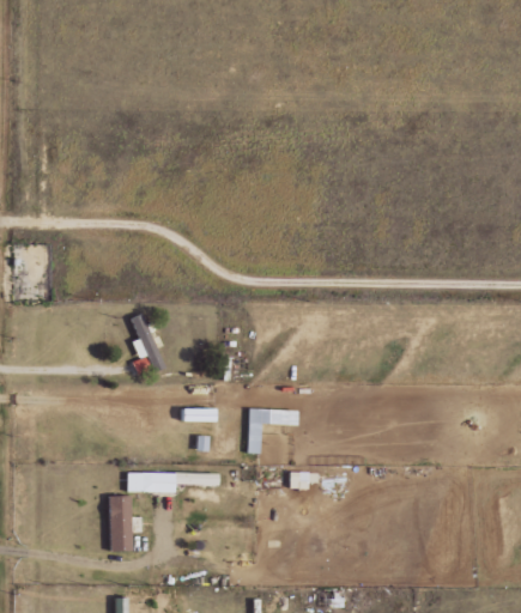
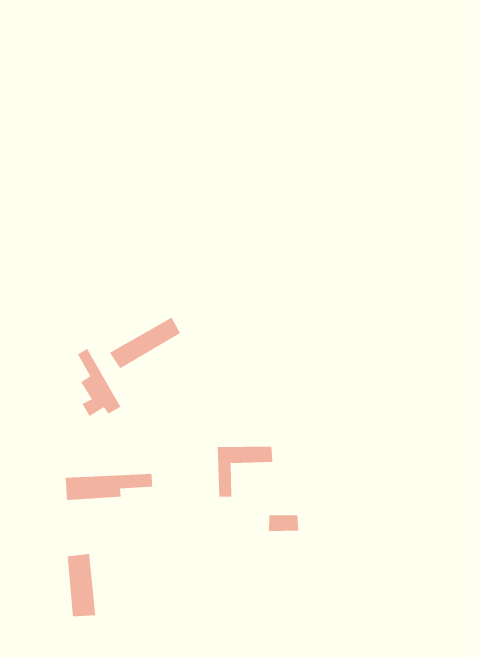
building: none -> [109,317,181,369]
building: [127,472,205,492] -> [65,473,153,500]

